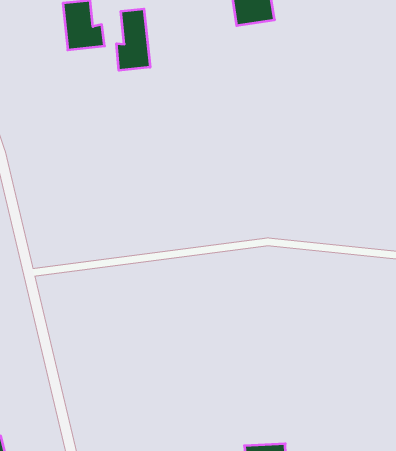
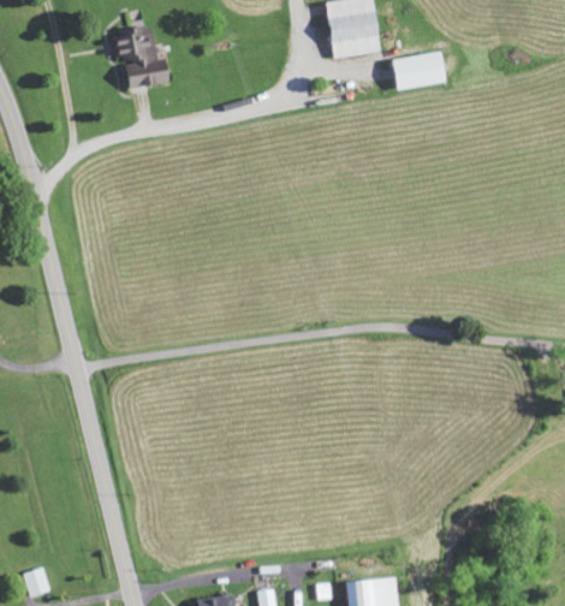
building: [117,9,150,70] -> none
building: none -> [394,52,450,91]

